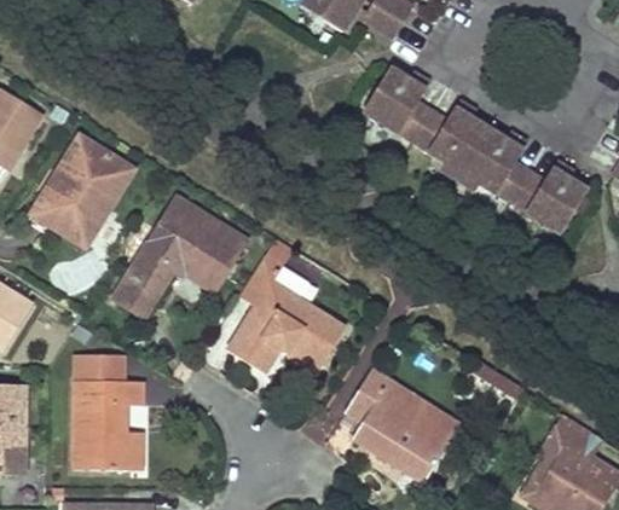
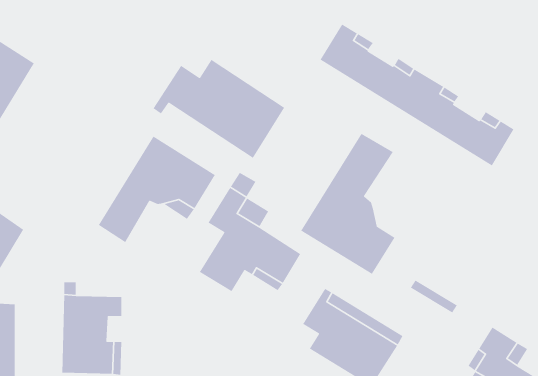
building: none -> [153,59,285,159]
building: [33,137,133,247] -> none
building: none -> [300,133,395,275]

